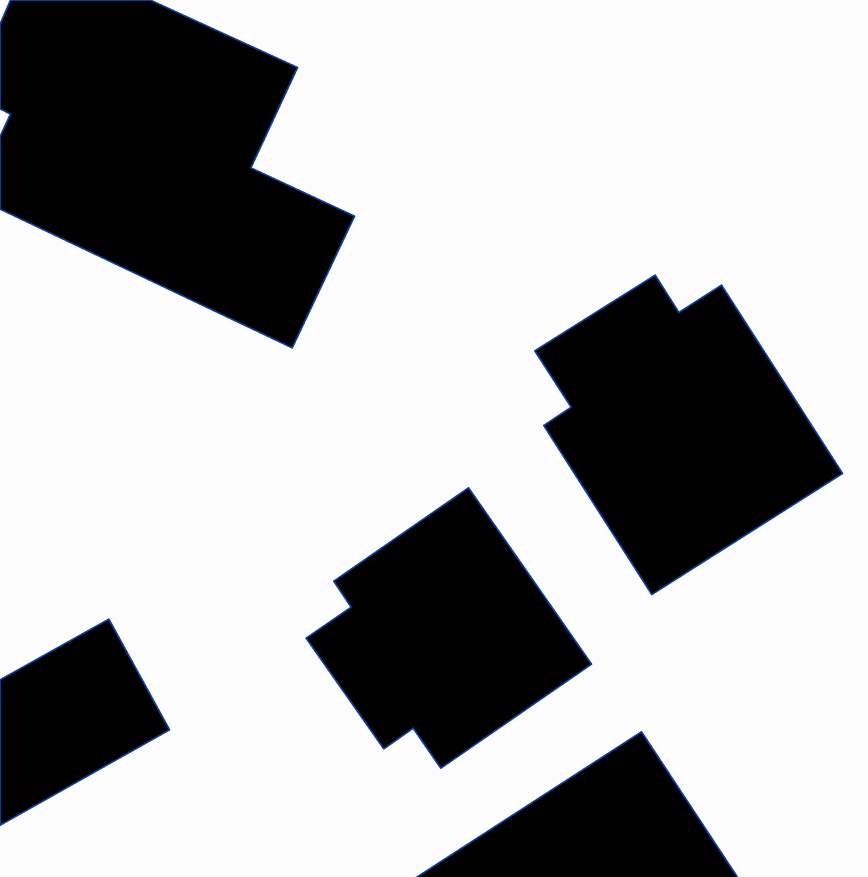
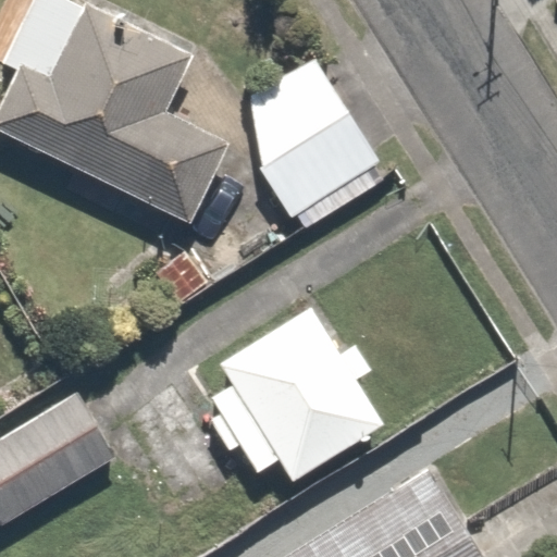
building: none -> [226,60,380,222]
building: [535,275,842,595] -> none

